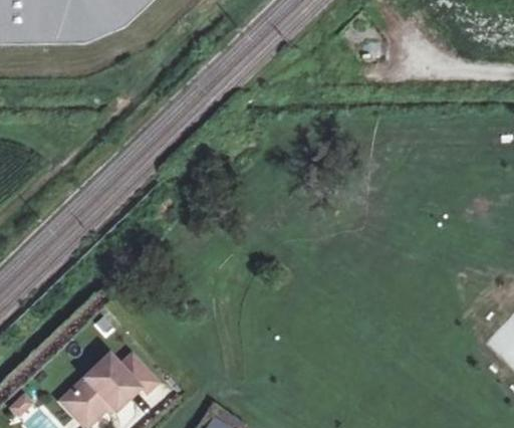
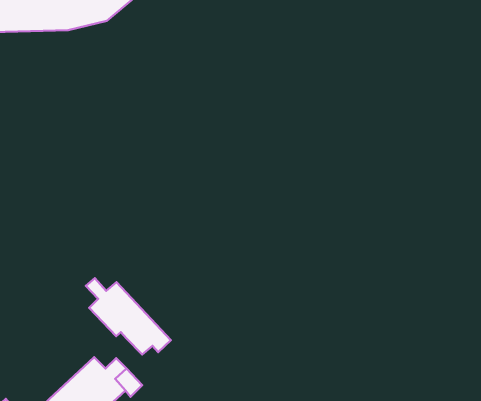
building: none -> [86,278,171,354]

